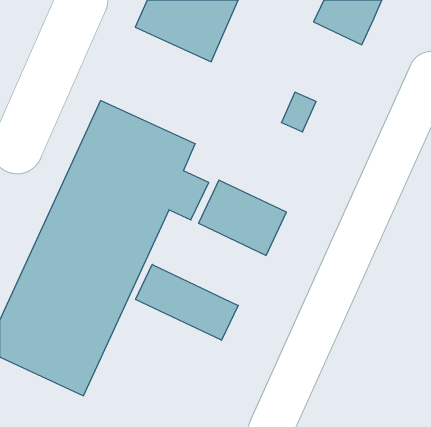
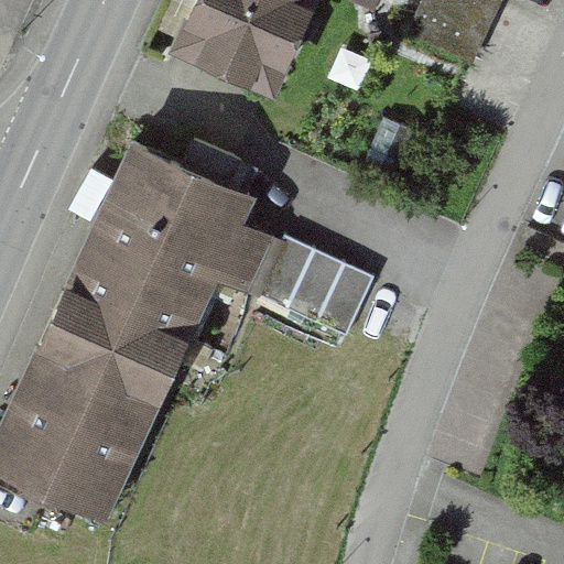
building: [135,264,238,340] -> none

